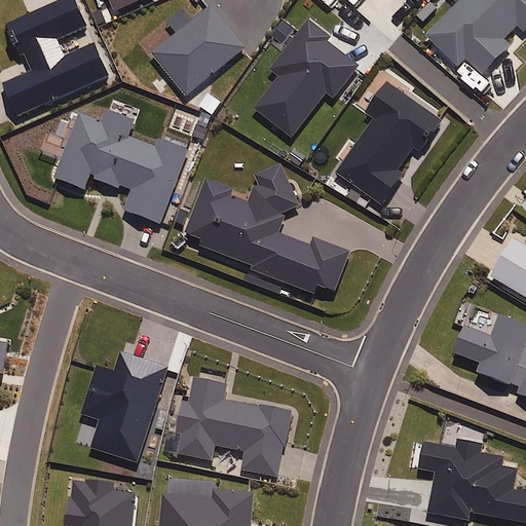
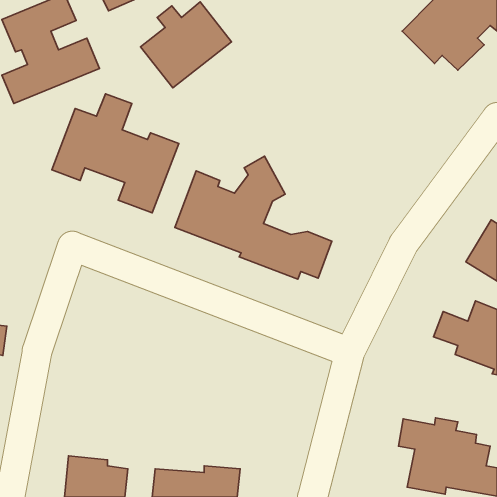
building: [252,13,352,130] -> none
building: [337,83,446,208] -> none
building: [82,353,167,463] -> none
building: [177,379,292,478] -> none

